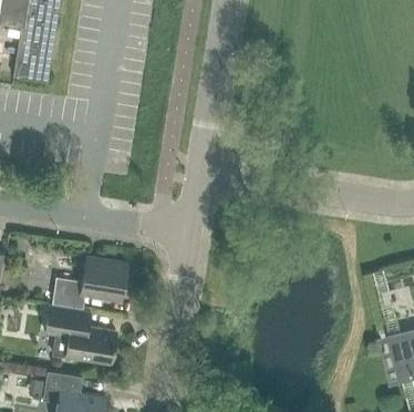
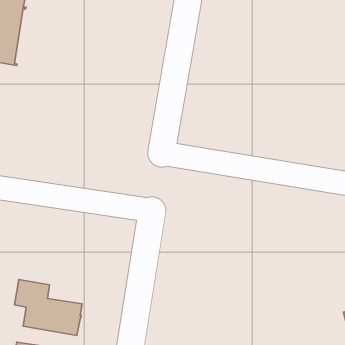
building: [51,258,126,308] -> none

